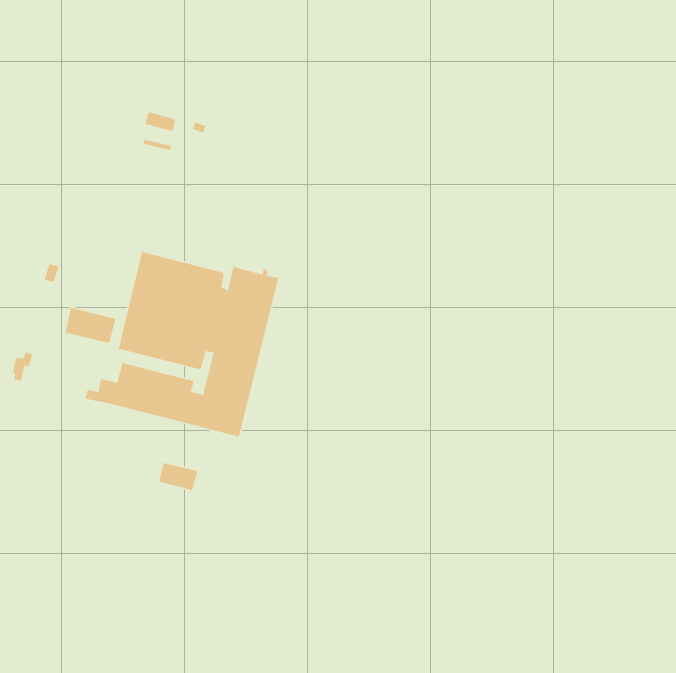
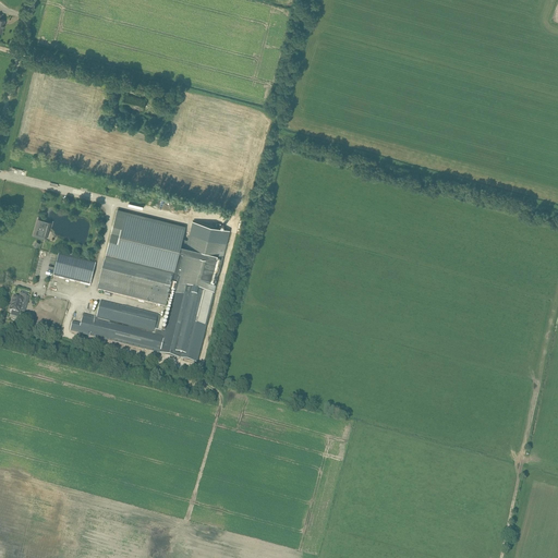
building: [158,462,199,491] -> none

